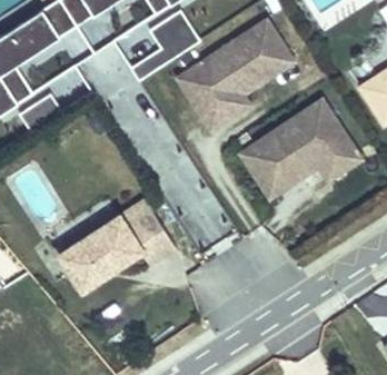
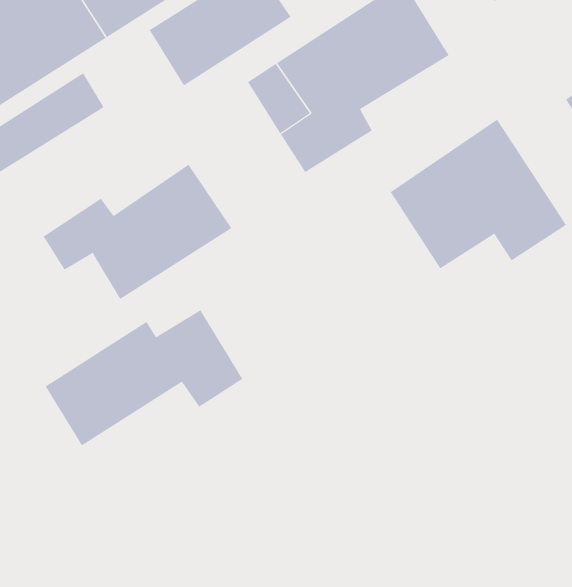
building: none -> [43,164,232,300]
building: [240,140,288,197] -> none

